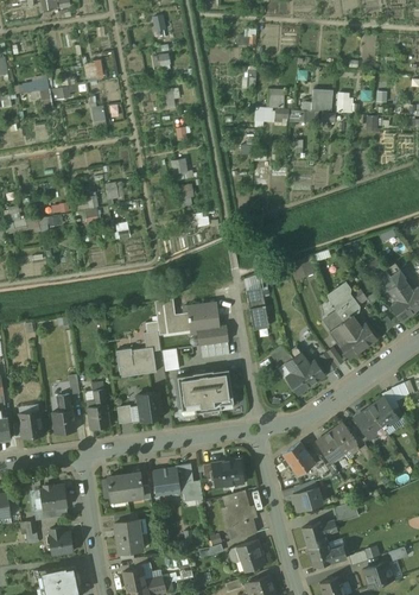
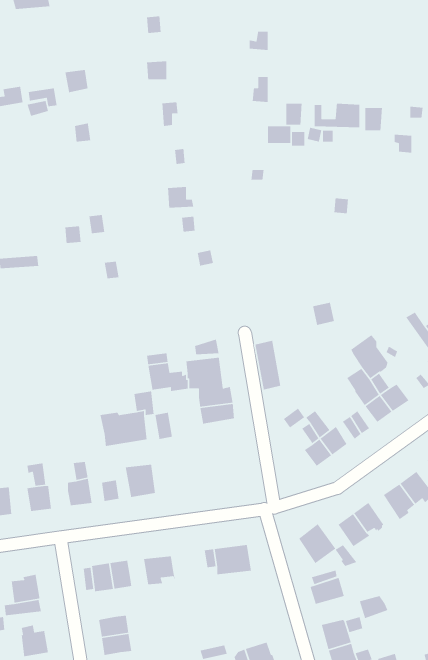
building: [180,371,234,413] -> none
building: [176,464,202,500] -> none
building: [222,490,256,538] -> none

